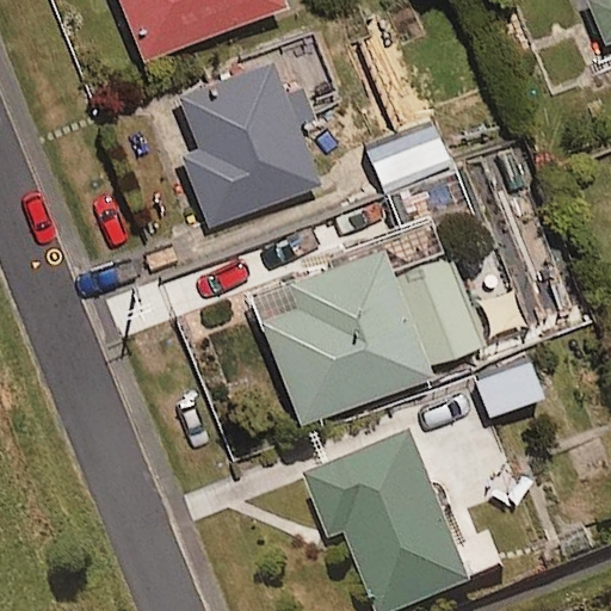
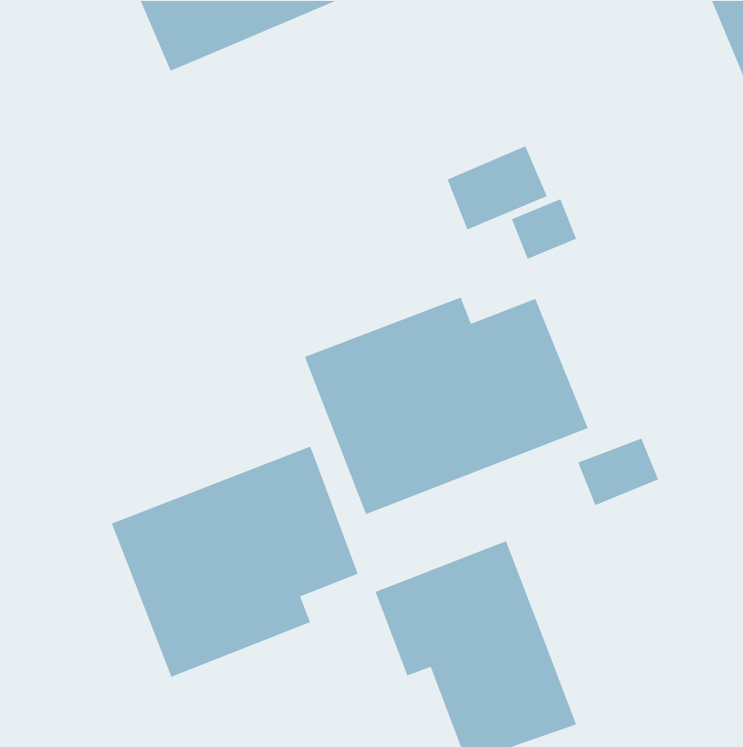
building: [159,58,321,227] -> none
building: none -> [111,446,359,678]

